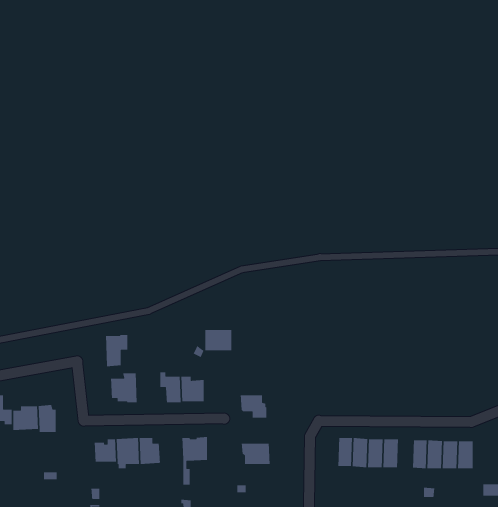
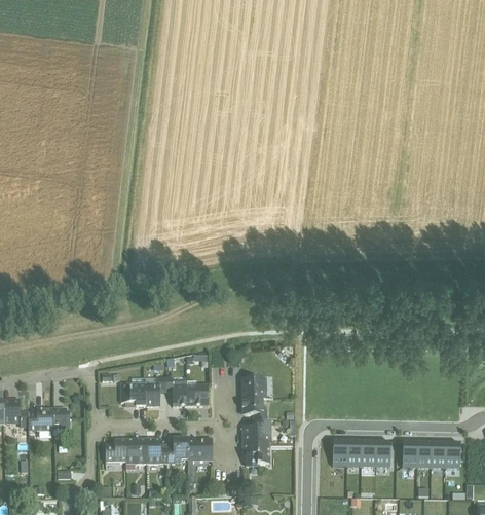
building: [205,329,232,351] -> [240,377,266,398]
building: [105,334,128,367] -> [144,376,165,407]
building: none -> [241,420,270,443]
building: none -> [165,437,187,463]

